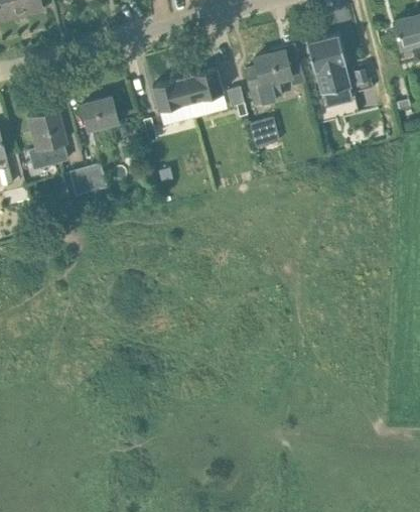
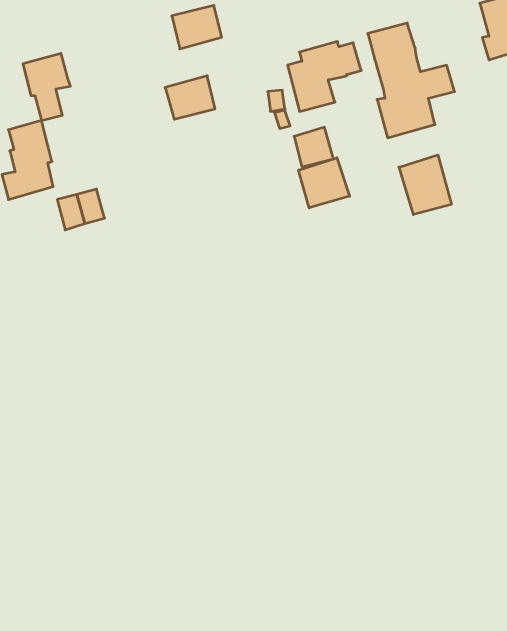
building: [184,68,223,101] -> [172,5,222,49]
building: [82,96,118,147] -> [23,53,70,121]
building: none -> [399,155,451,215]
building: none -> [299,158,350,208]

